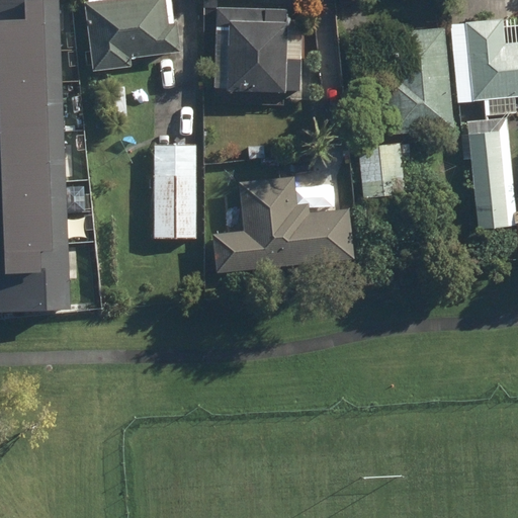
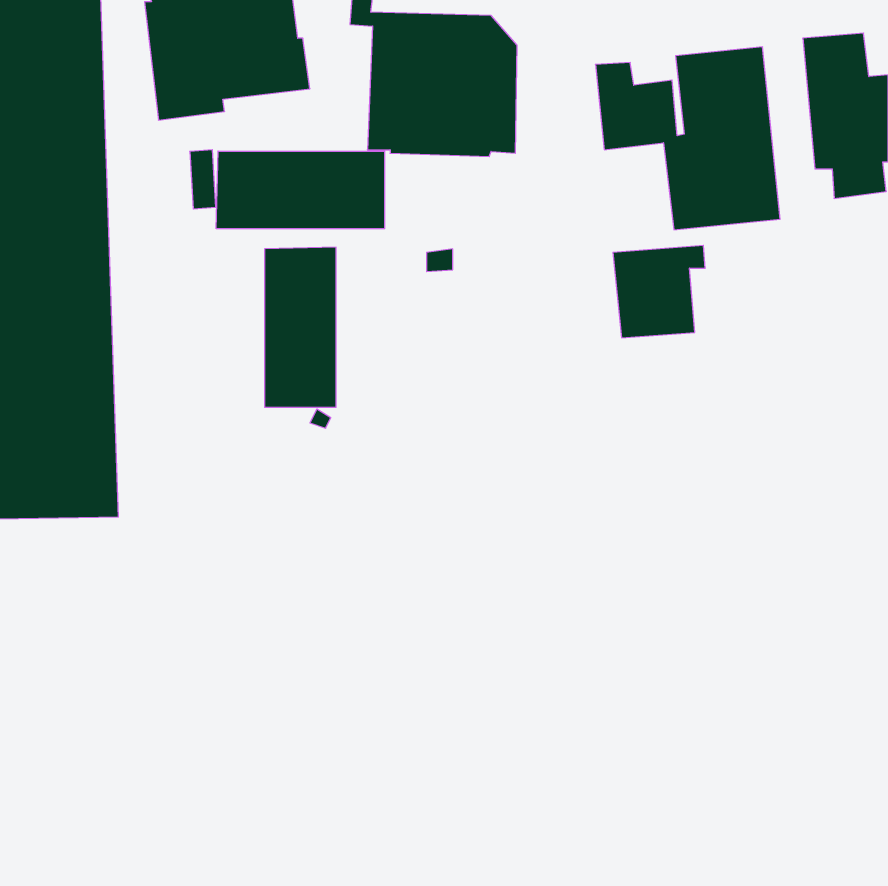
building: none -> [216,151,385,229]
building: [469,130,507,228] -> none
building: [212,178,353,271] -> none

